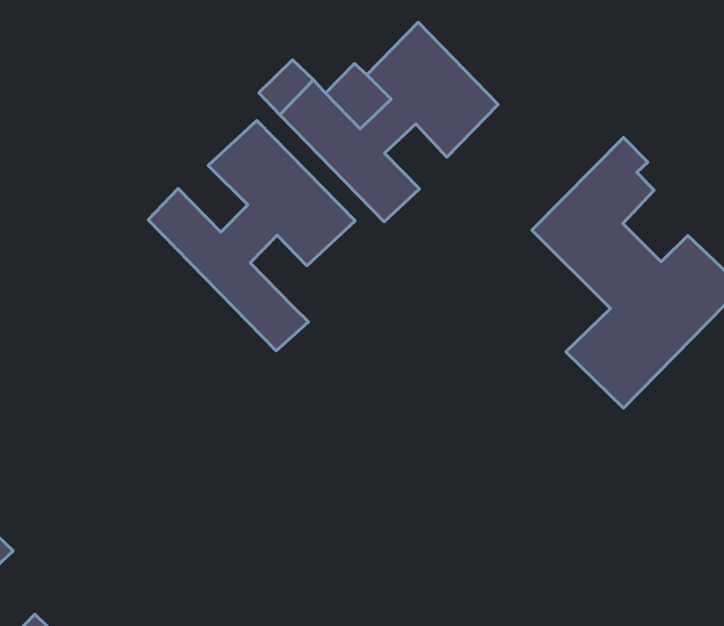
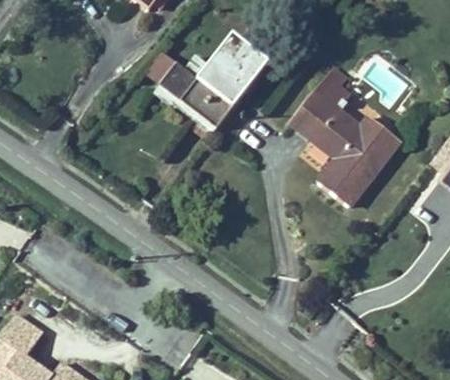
building: [148,120,355,351] -> none

